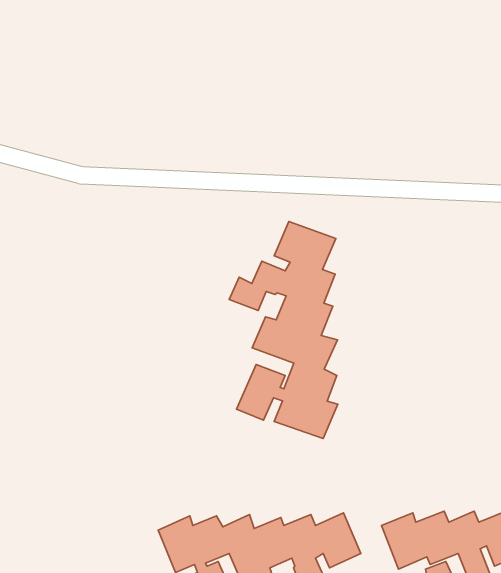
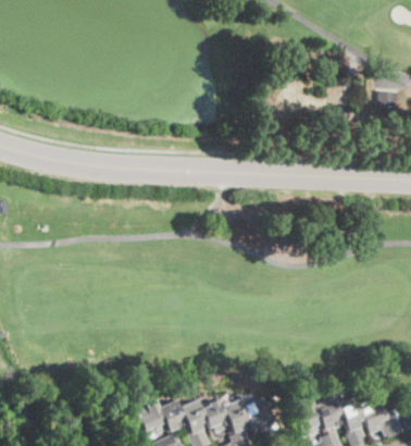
building: [229,222,338,438] -> none

